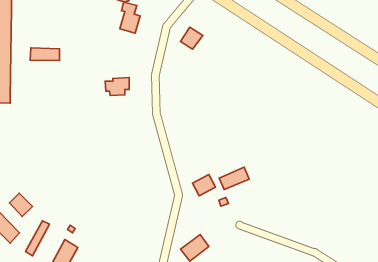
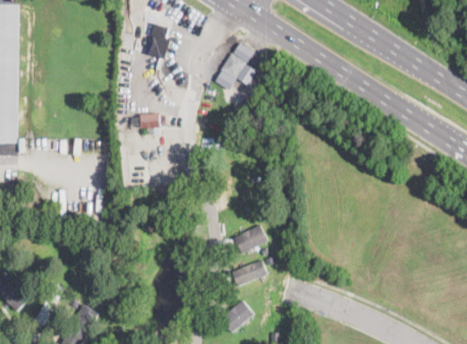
building: [30,48,60,61] -> none
building: [219,167,249,189] -> [232,259,268,285]
building: [9,193,32,216] -> none

